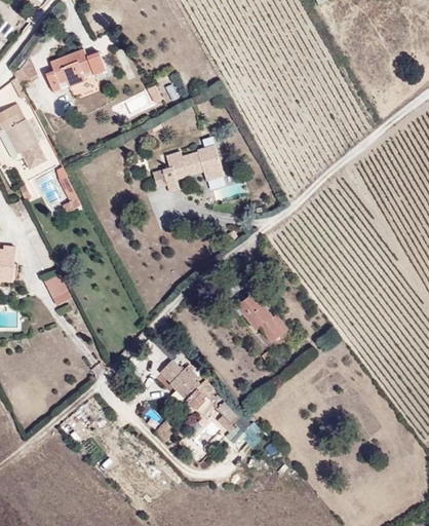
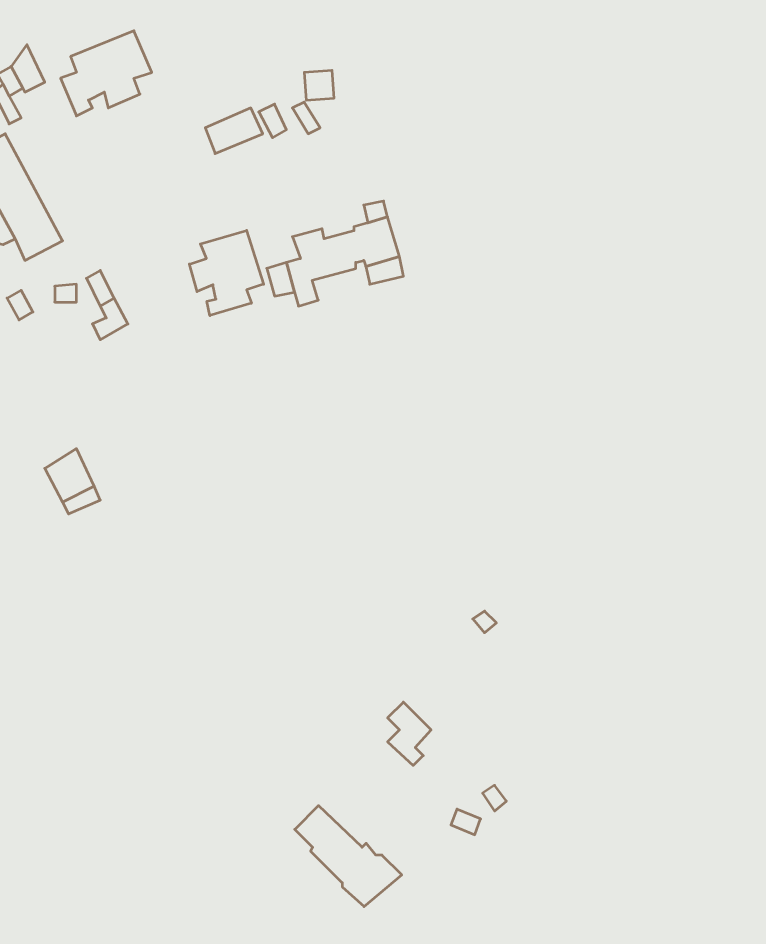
building: none -> [189,230,264,316]
building: [235,294,288,346] -> none
building: [159,359,214,411] -> [295,806,402,907]

